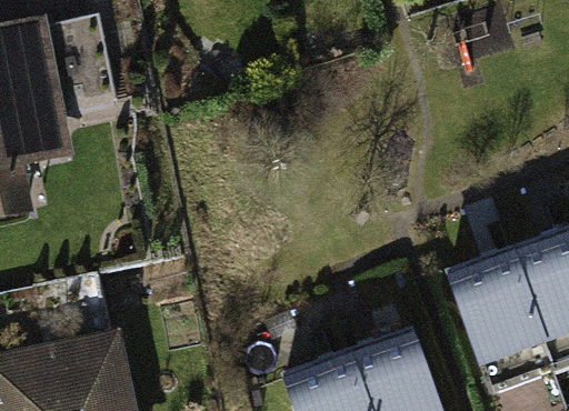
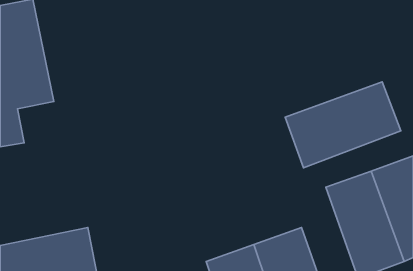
building: none -> [285,82,401,168]

